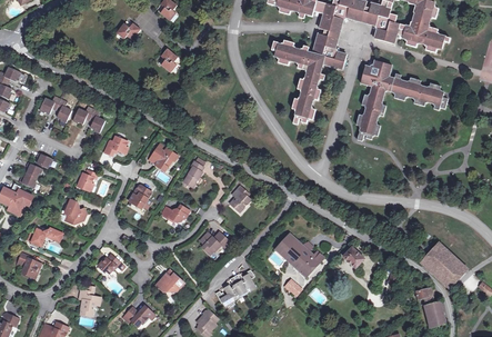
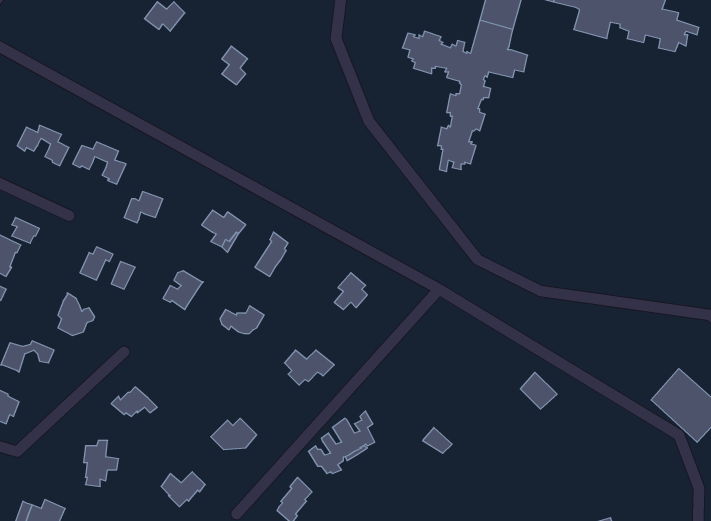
building: [355,61,448,140] -> none
building: [274,232,323,277] -> none
building: [416,288,445,327] -> none

